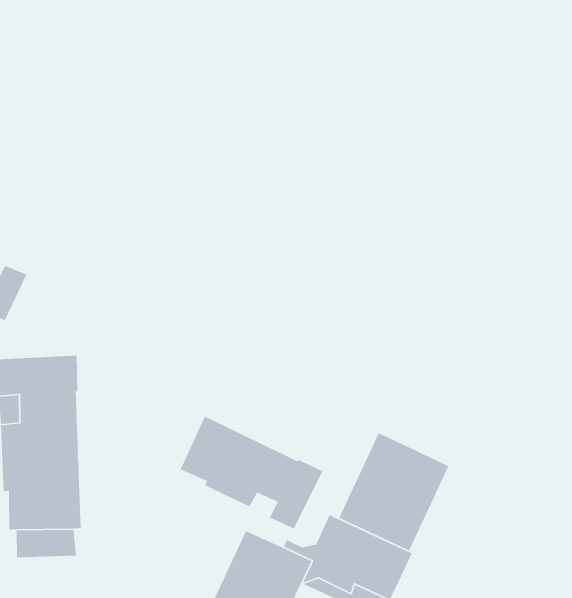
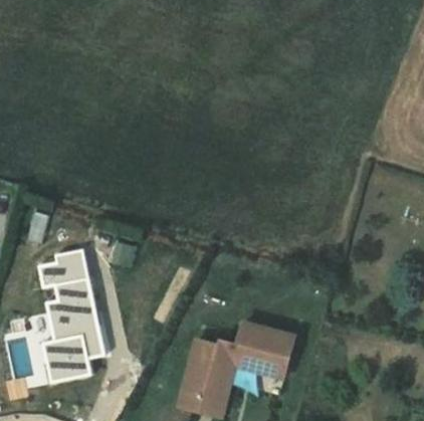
building: [179,415,323,530] -> none
building: [338,432,450,552] -> none

